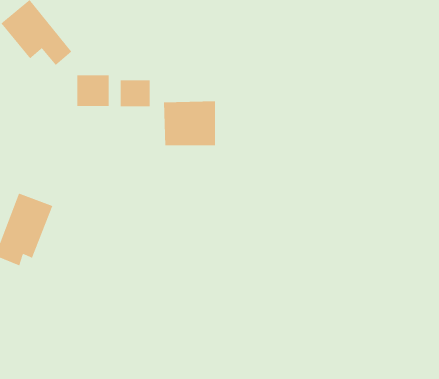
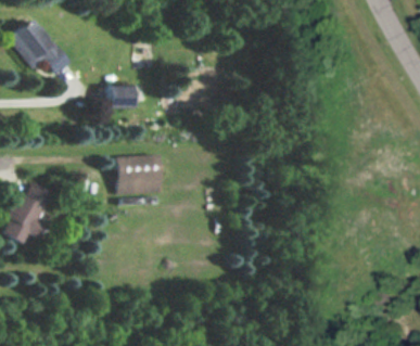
building: [77,75,109,107] -> none
building: [163,101,216,146] -> [116,156,161,194]

